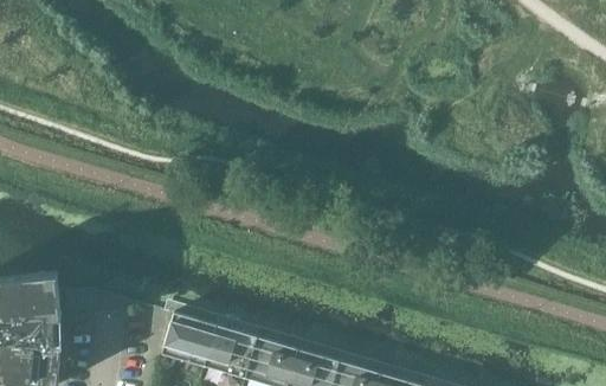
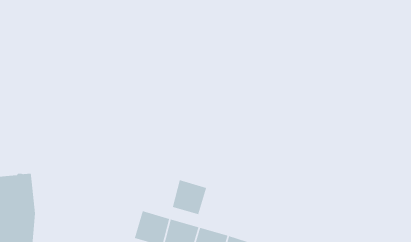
building: none -> [172,179,207,215]
building: [159,311,212,365] -> none

